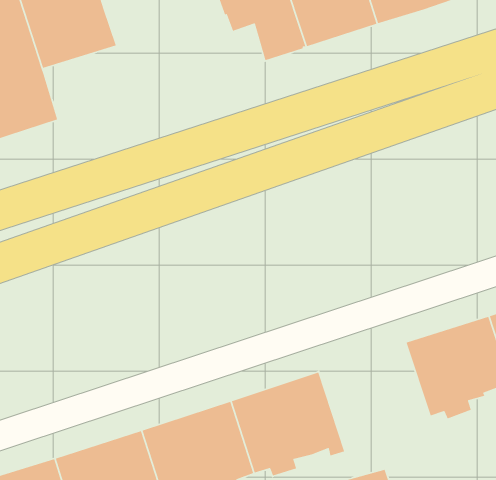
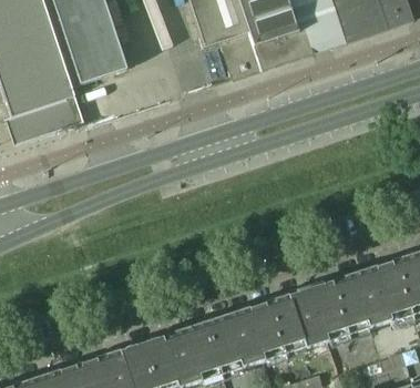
building: none -> [270,279,350,358]

